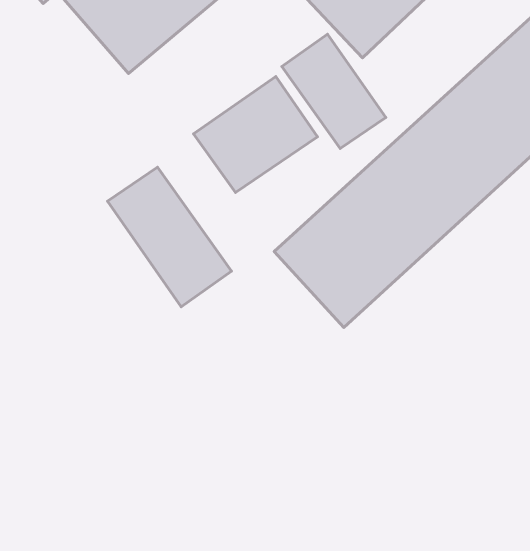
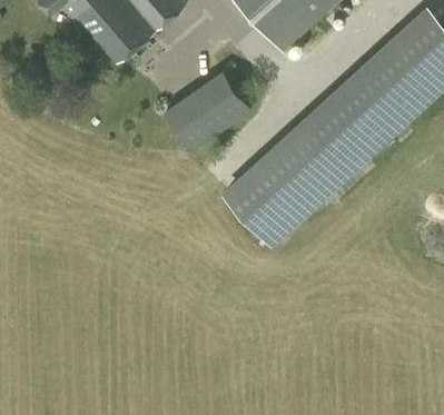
building: [282,34,386,149] -> none
building: [107,167,231,307] -> none

